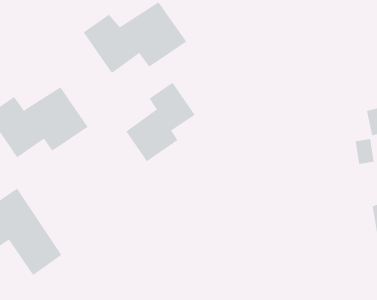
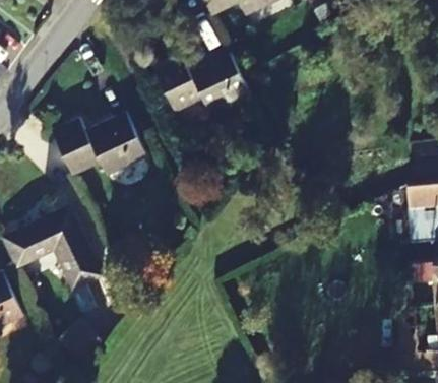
building: [125,82,195,162] -> none

